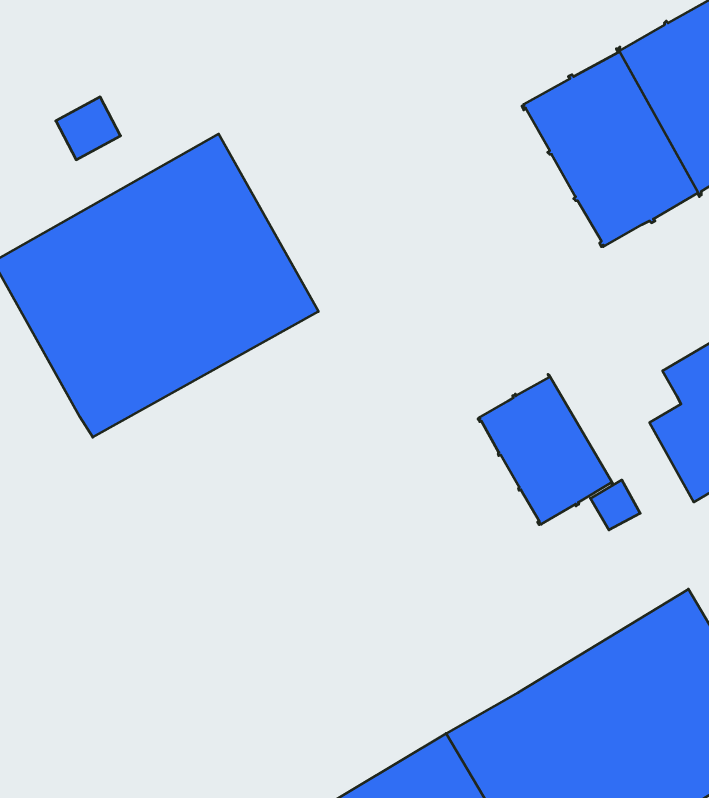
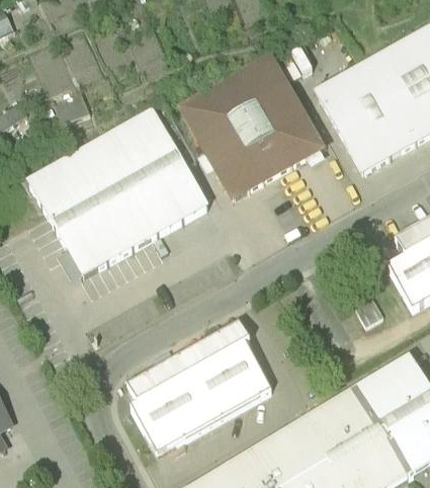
building: none -> [183,57,320,195]
building: [478,374,613,525] -> none
building: none -> [126,322,271,454]

